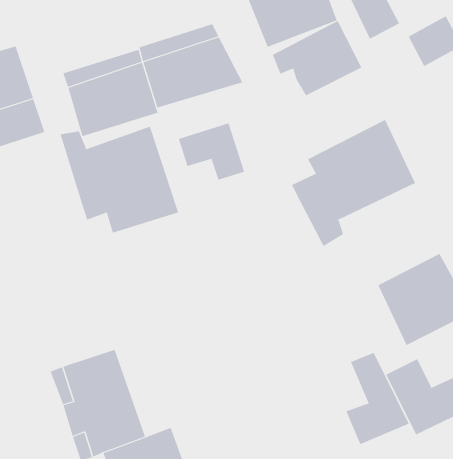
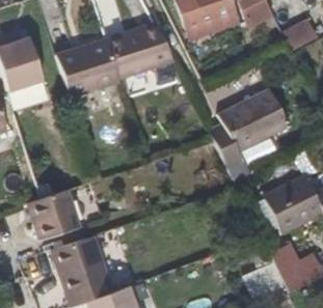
building: [272,20,362,96] -> none
building: [178,123,245,180] -> none
building: [60,126,179,234] -> none
building: none -> [28,189,82,239]

